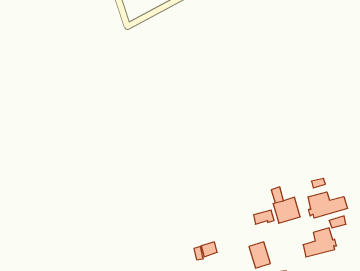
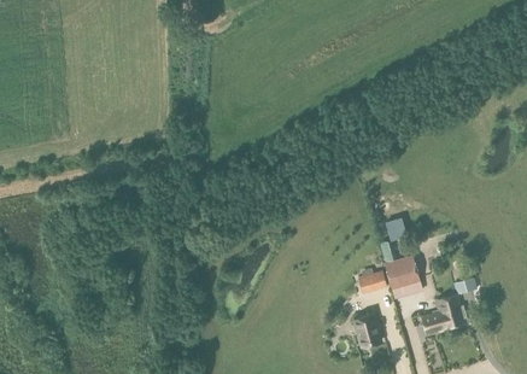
building: [308,192,348,218] -> none

